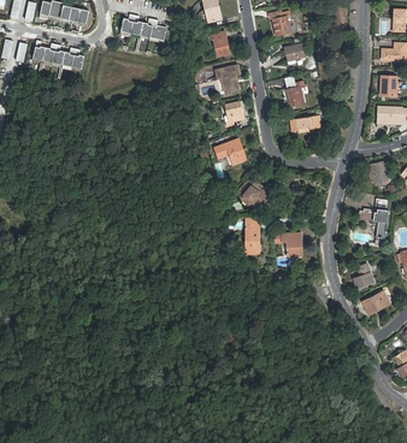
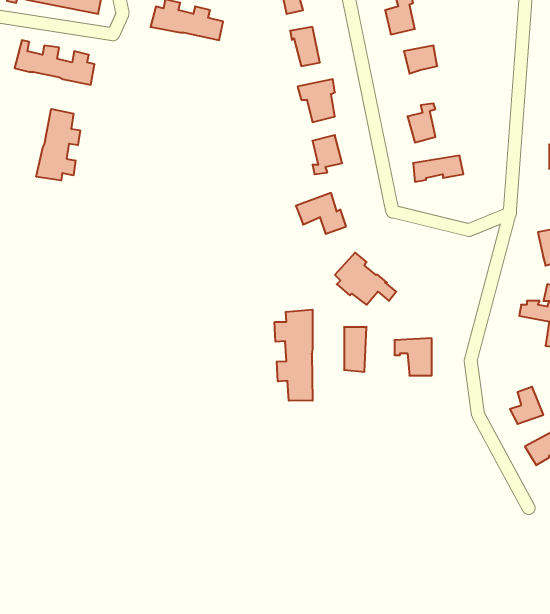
building: none -> [36,109,80,181]
building: none -> [275,310,313,401]

